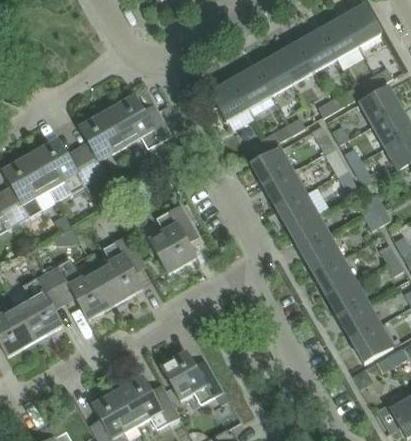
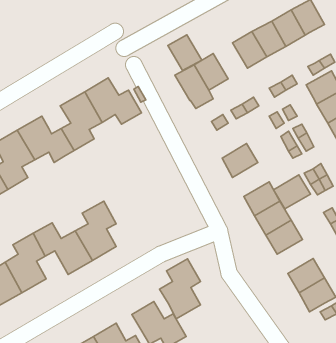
building: [253,54,292,95] -> [168,35,202,71]
building: [250,148,291,186] -> none
building: [275,191,317,230] -> [274,175,310,209]
building: [148,204,195,273] -> [159,259,201,319]
building: [326,279,367,318] -> none

